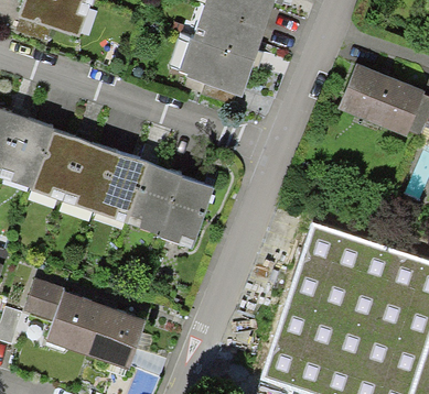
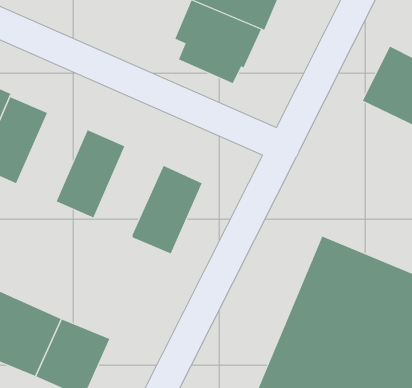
building: [61,139,115,210] -> none
building: [126,161,179,232] -> none

